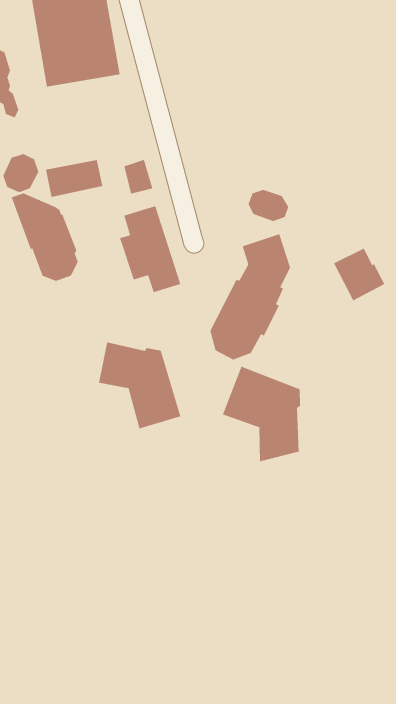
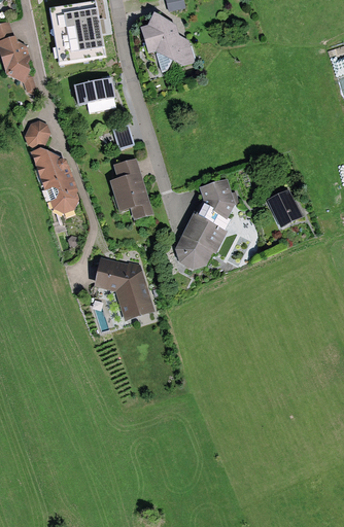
building: none -> [139,11,195,70]
building: [45,159,103,197] -> [73,77,115,105]
building: [248,189,289,222] -> none
building: [222,366,300,462] -> none

